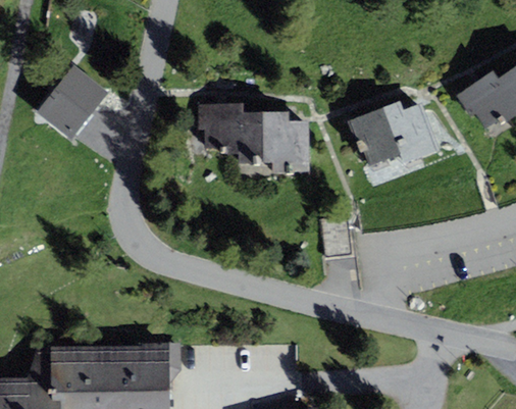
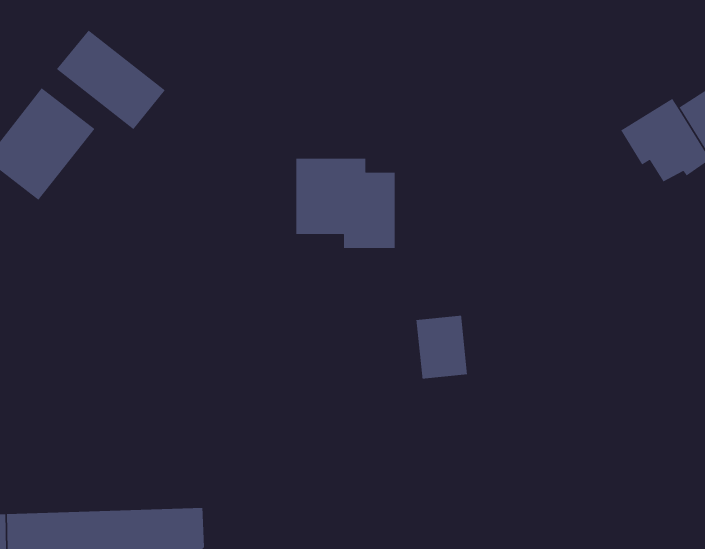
building: none -> [56,29,166,130]
building: [348,101,440,165] -> none
building: [198,104,242,154] -> none

